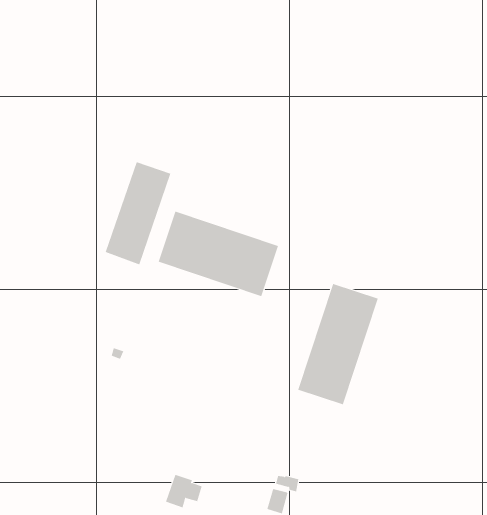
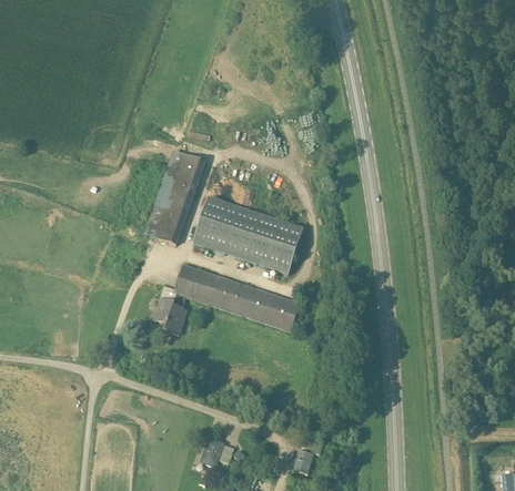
building: [297,283,378,405] -> none
building: none -> [153,263,300,334]

